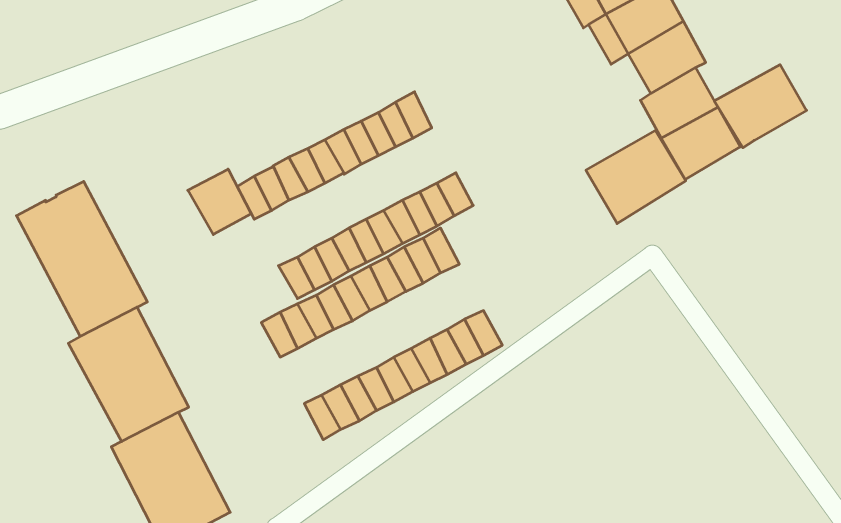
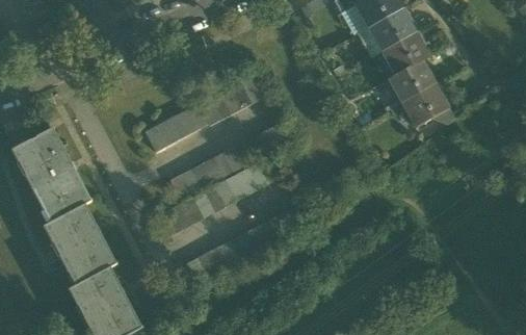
building: [714,65,807,148] -> none
building: [586,130,686,224] -> none
building: [188,169,251,235] -> none

